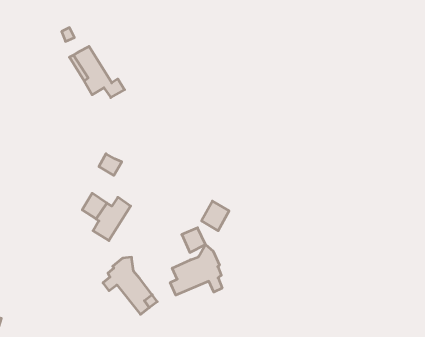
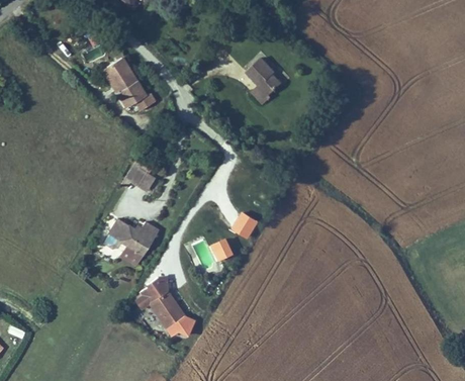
building: none -> [247,60,283,106]
building: [170,244,222,295] -> none

